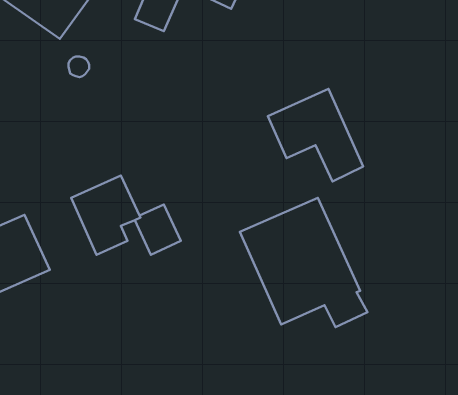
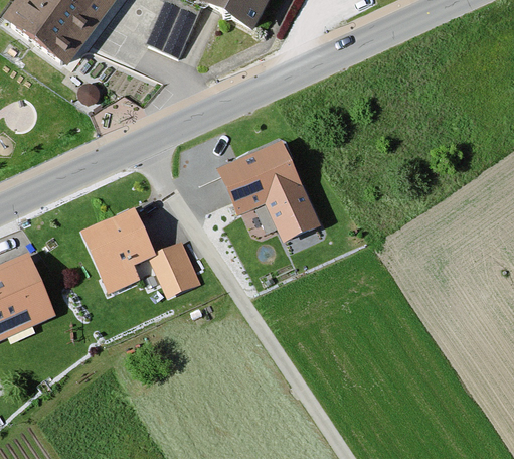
building: [268,89,363,182] -> [216,141,319,241]
building: [240,198,368,327] -> none

